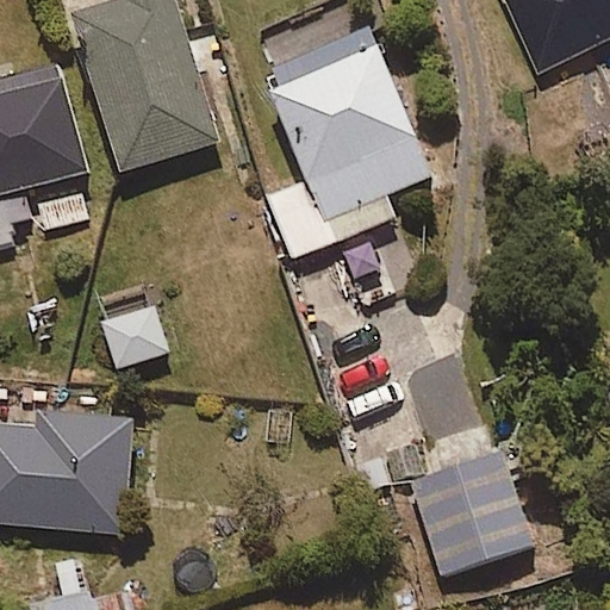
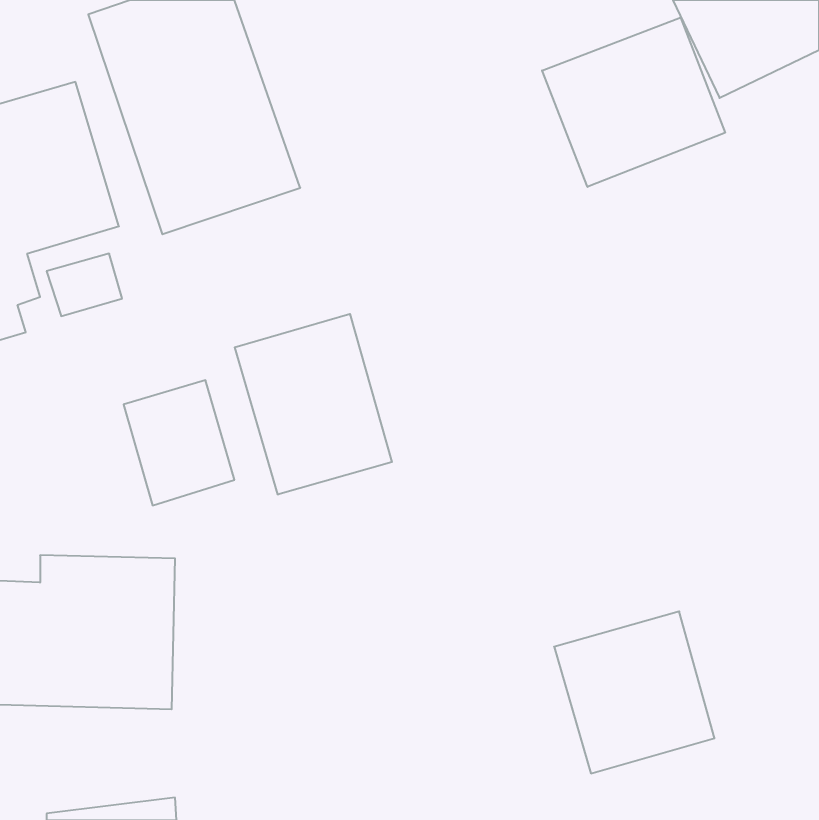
building: none -> [542,17,725,187]
building: [257,24,430,259] -> none
building: none -> [235,314,392,495]

